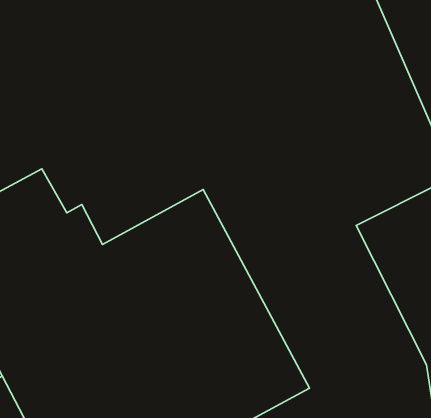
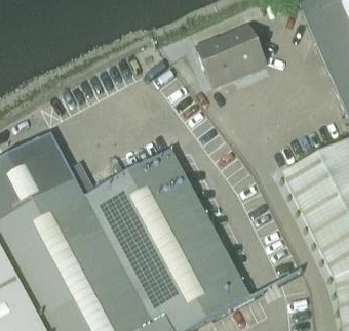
building: none -> [195,25,265,82]

